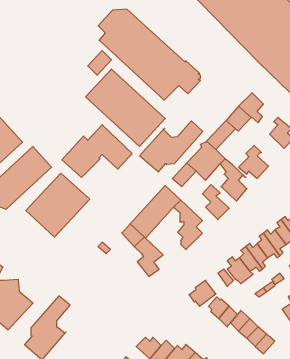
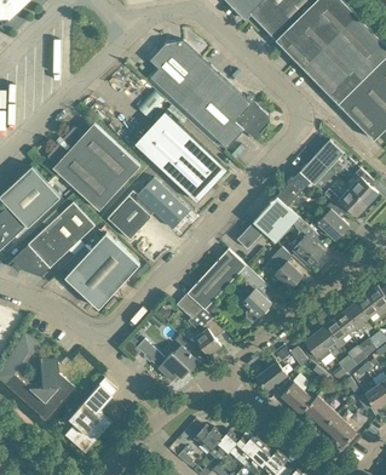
building: none -> [47,124,139,210]
building: [140,121,203,172] -> none
building: none -> [324,188,367,217]
building: none -> [137,339,198,382]

